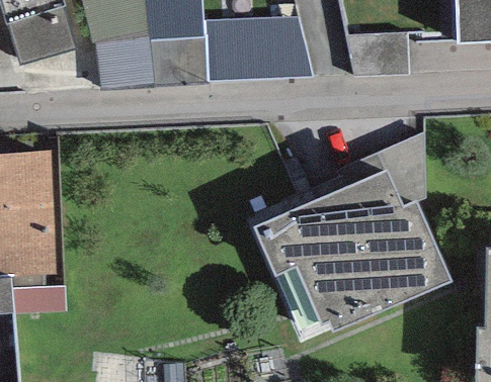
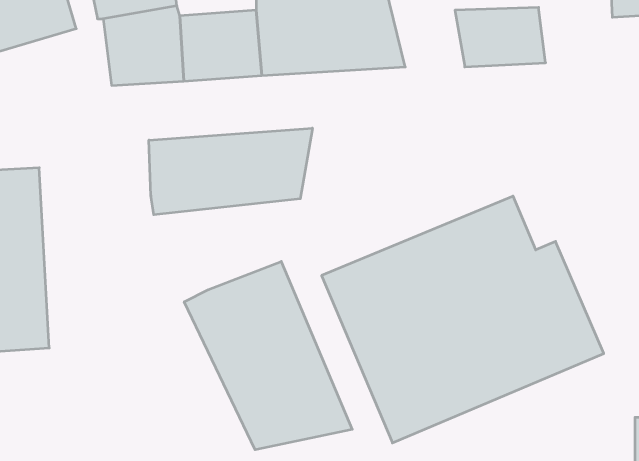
building: none -> [149,128,312,215]
building: none -> [184,261,352,450]

